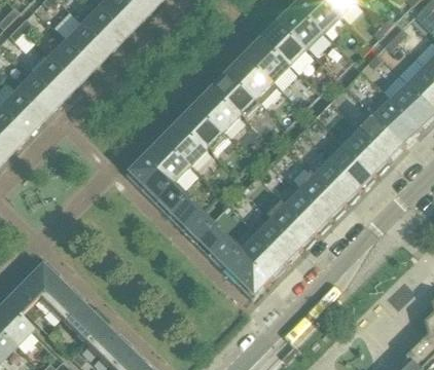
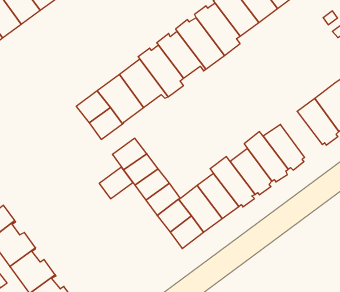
building: [331,145,375,189] -> none
building: [156,183,189,216] -> [99,167,133,199]

